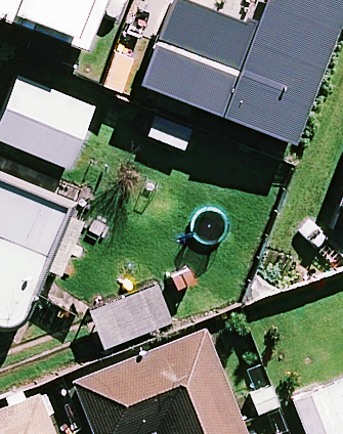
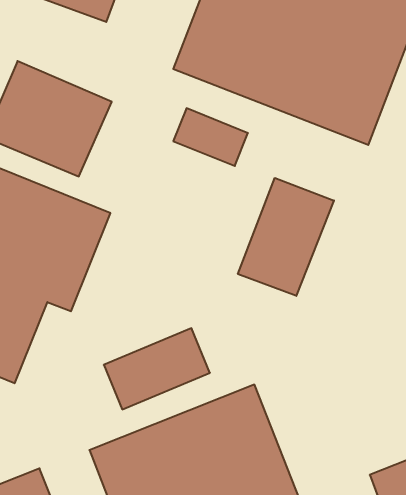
building: none -> [238,178,334,296]

